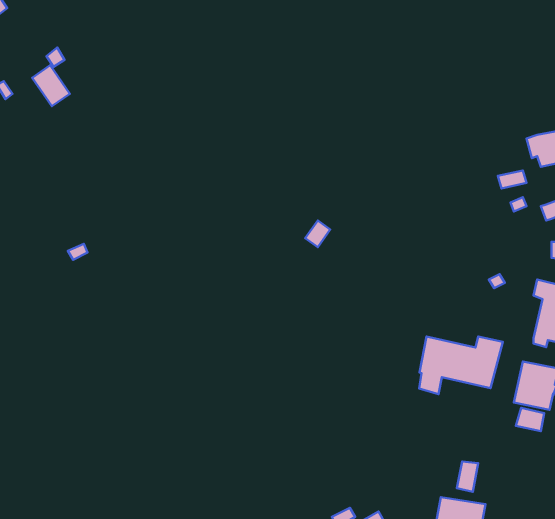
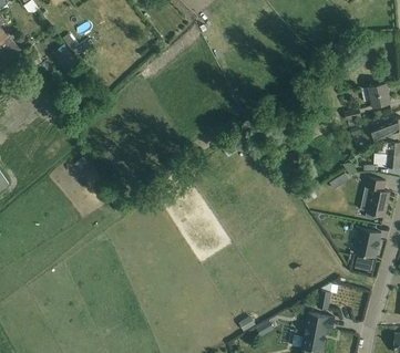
building: [419,336,503,394] -> none

